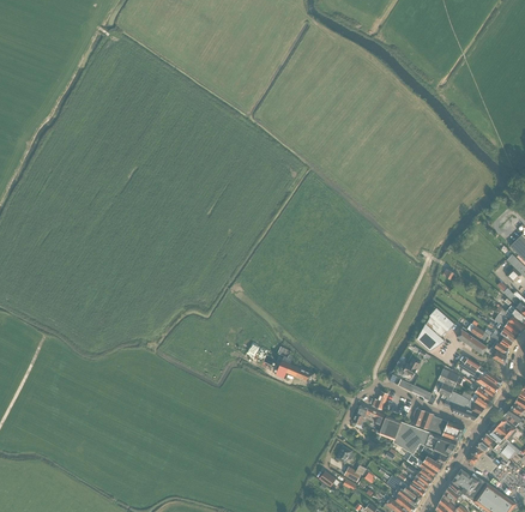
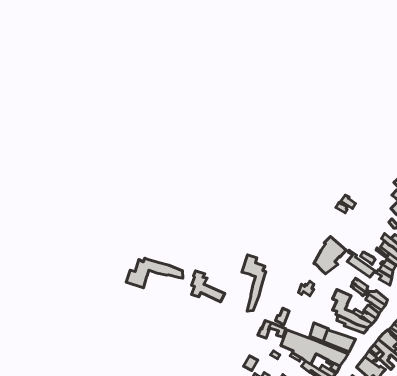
building: none -> [242,255,266,311]
building: none -> [126,258,183,288]

